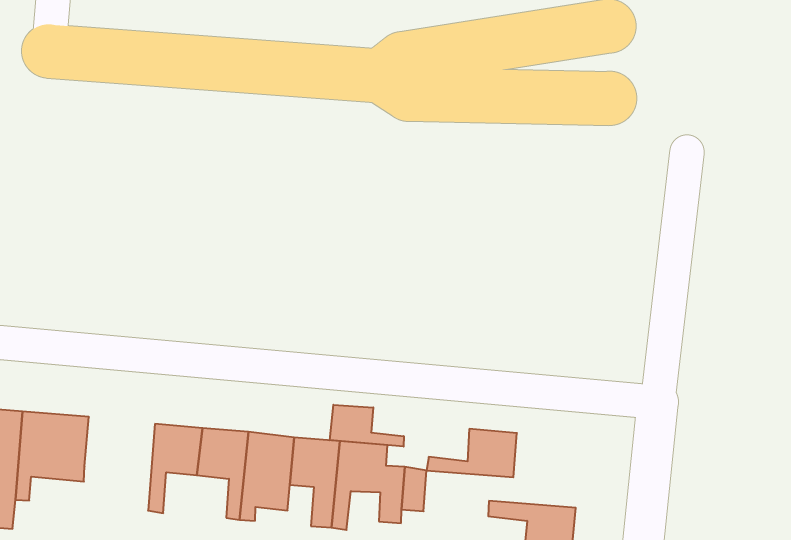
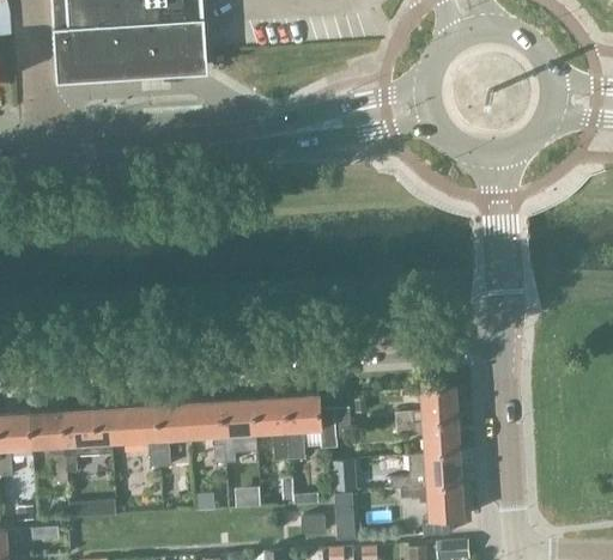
building: [330,405,404,447] -> none
building: none -> [110,407,162,469]
building: [427,429,517,477] -> [397,388,459,424]

